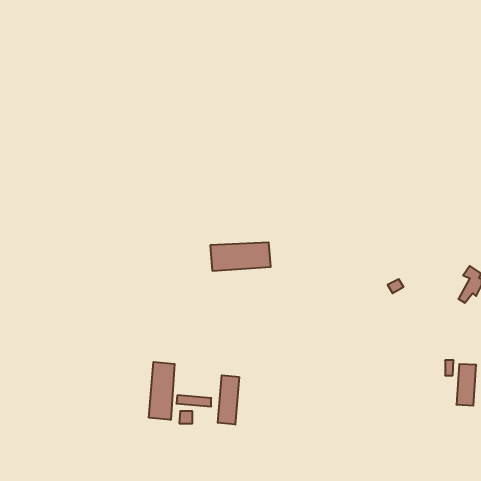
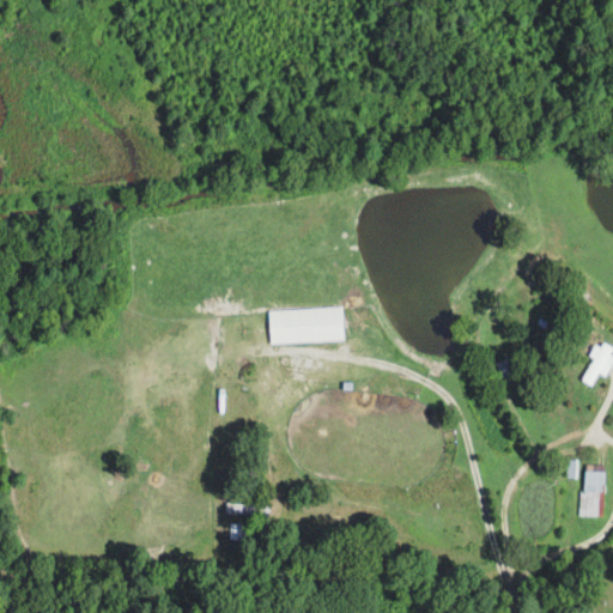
building: [149,362,175,420] -> none
building: [218,375,239,425] -> none

